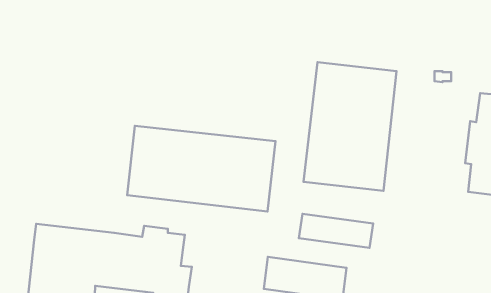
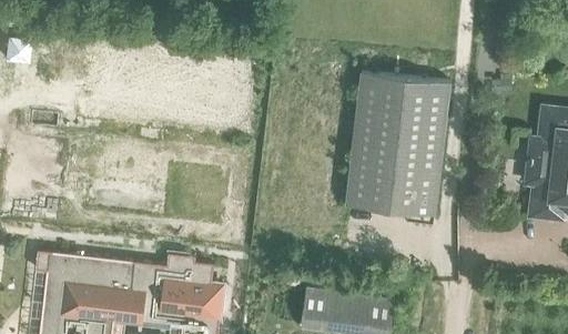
building: [127,126,276,211] -> none
building: [299,214,373,248] -> none

